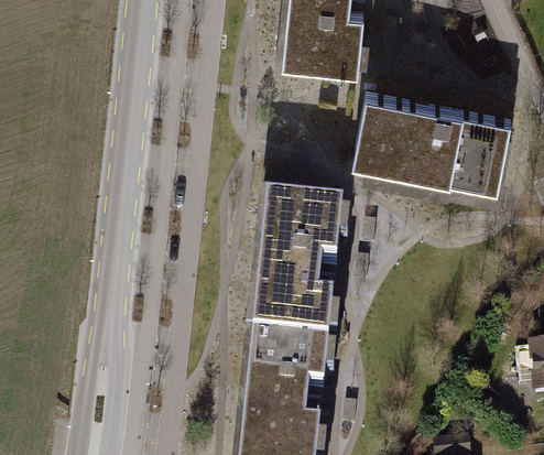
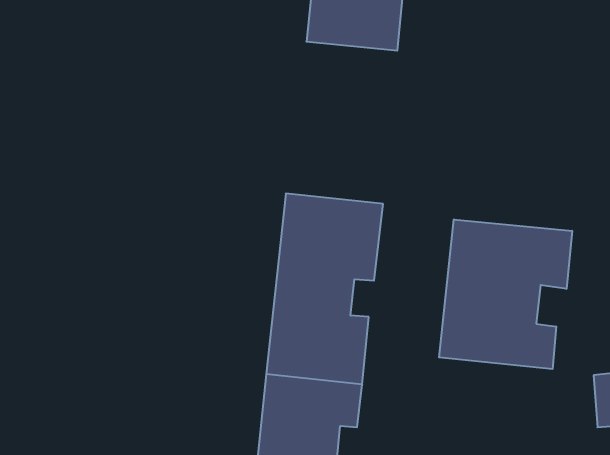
building: [353,100,511,197] -> none
building: none -> [439,219,572,369]

